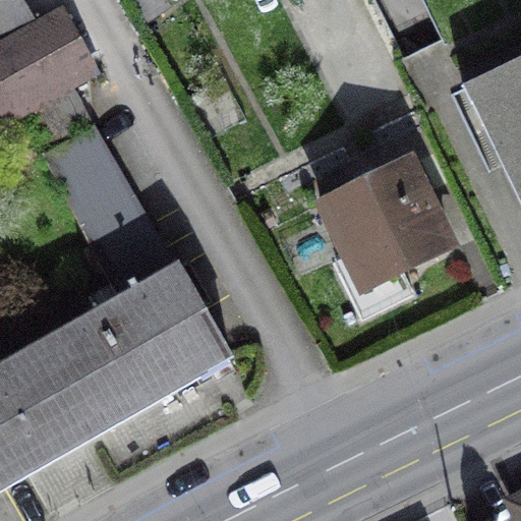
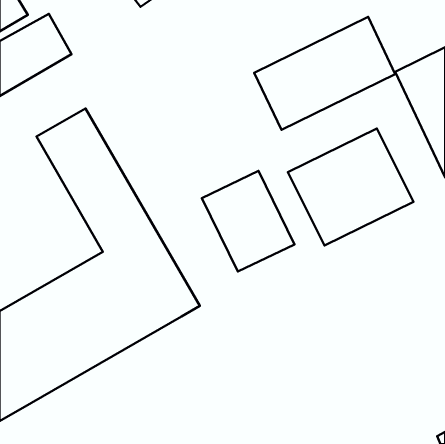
building: none -> [254,17,395,130]
building: none -> [202,171,294,272]

